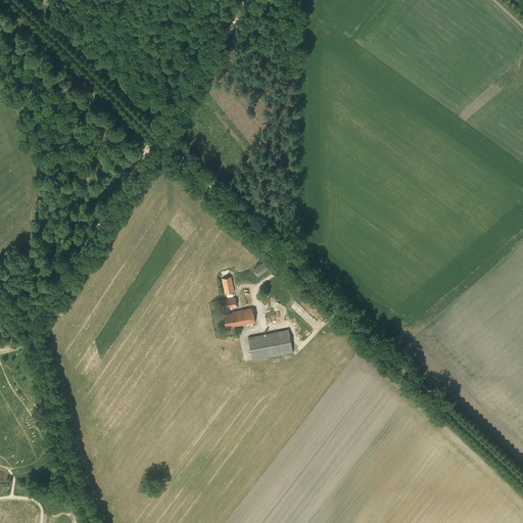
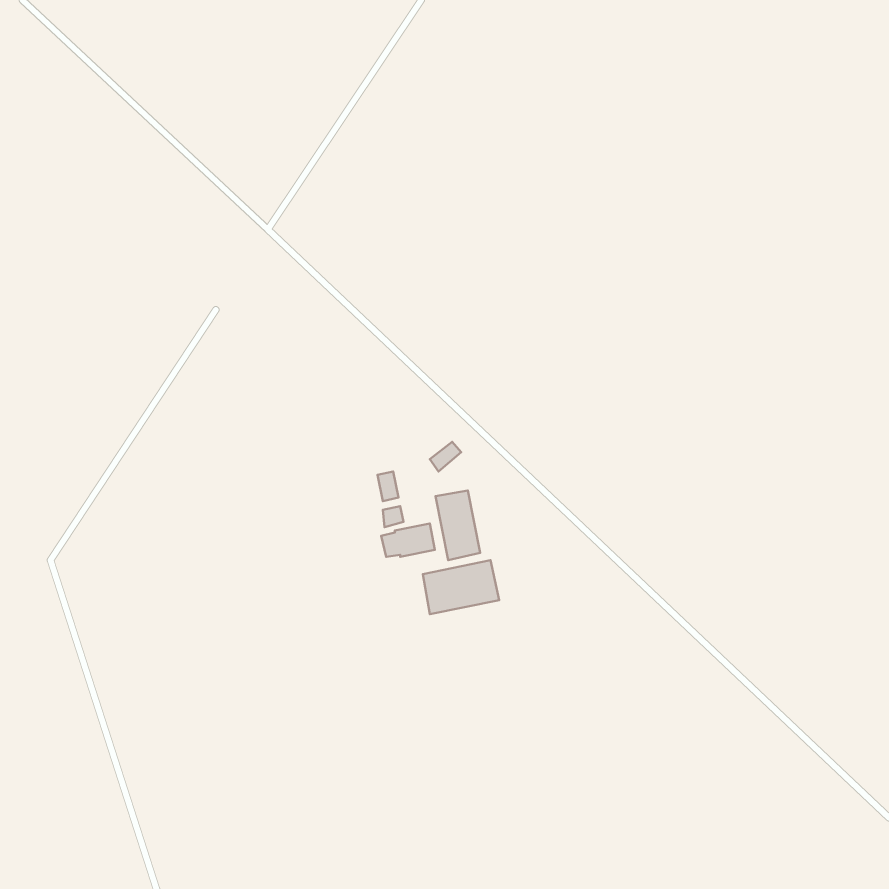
building: none -> [435,490,480,560]

